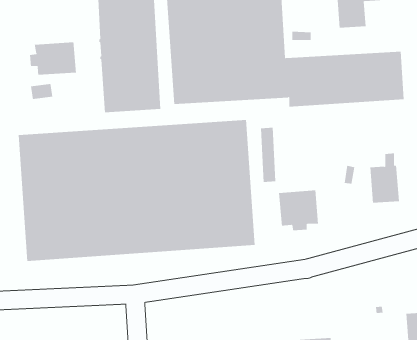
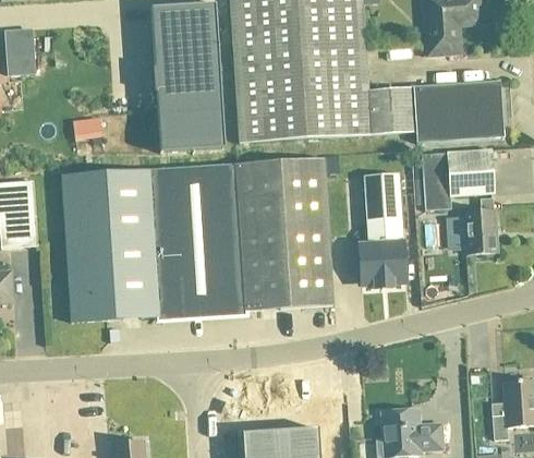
building: [29,42,76,76] -> none
building: none -> [422,150,494,209]
building: none -> [363,172,402,240]

